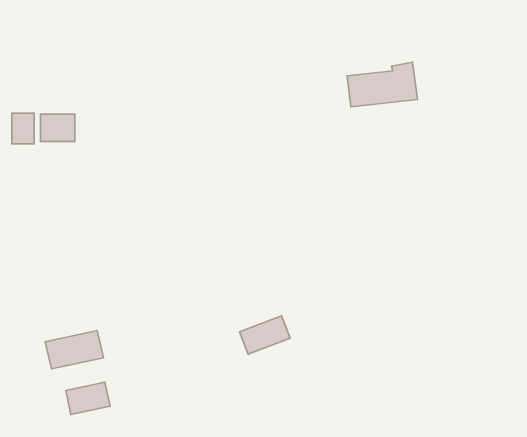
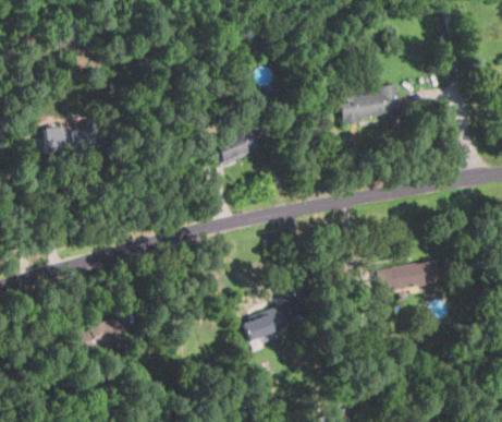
building: none -> [213,128,257,164]
building: none -> [376,261,438,291]
building: [66,382,110,415] -> none

